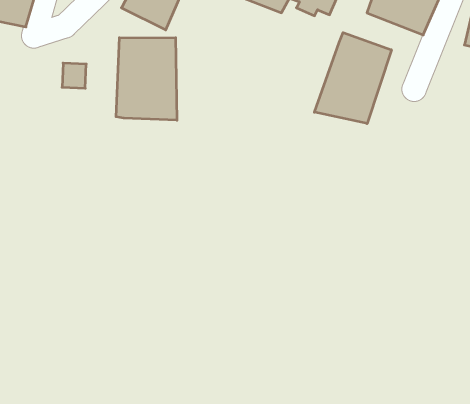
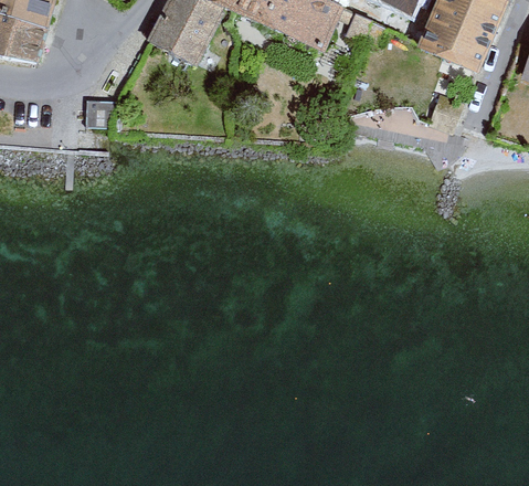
building: [314,33,391,124] -> none
building: [116,38,177,120] -> none

